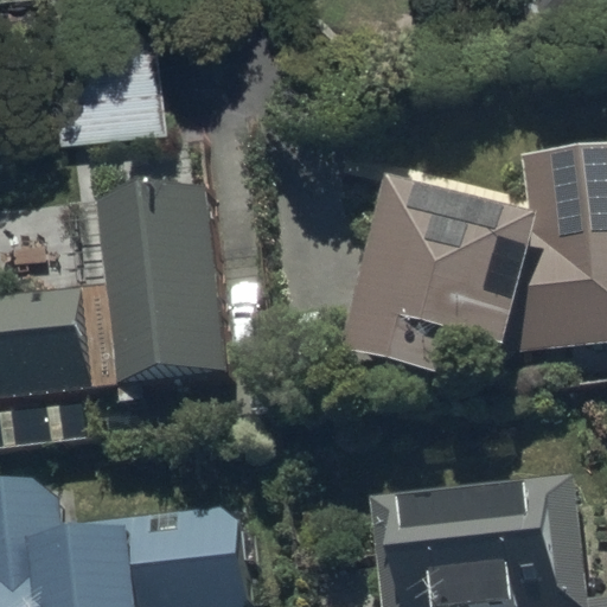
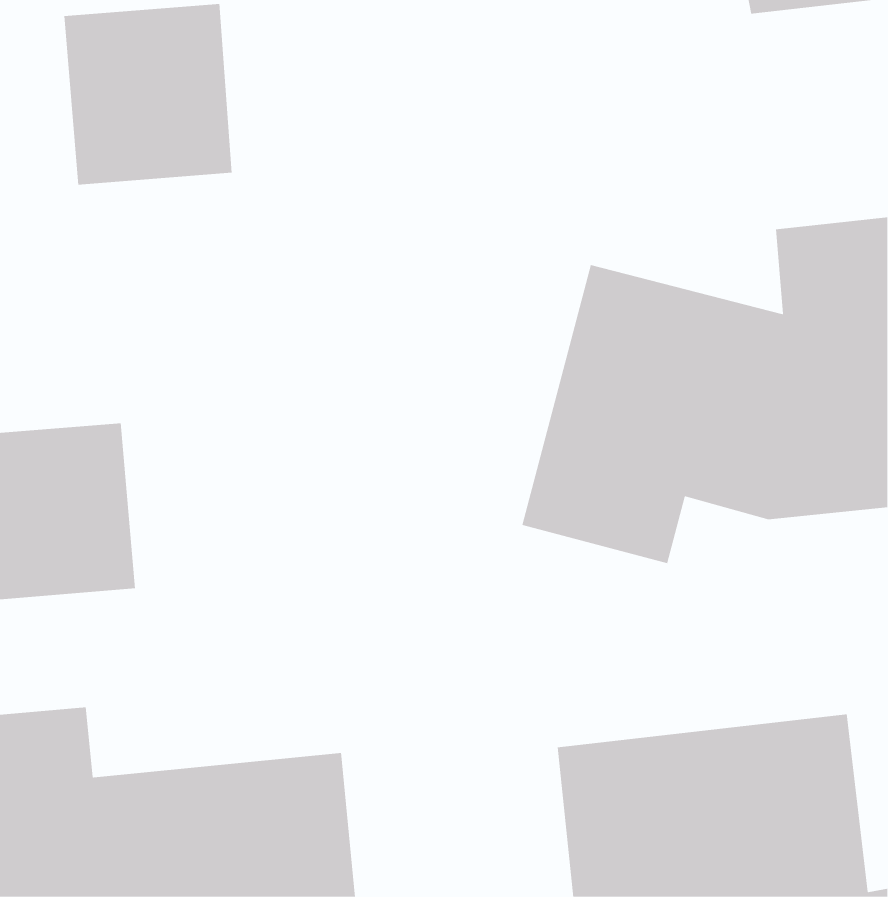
building: [96,181,228,379] -> none

